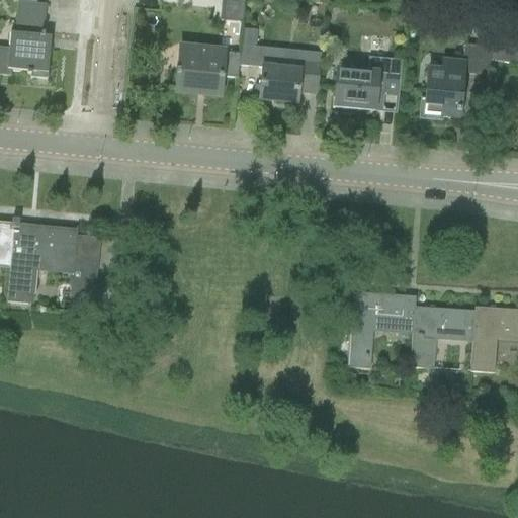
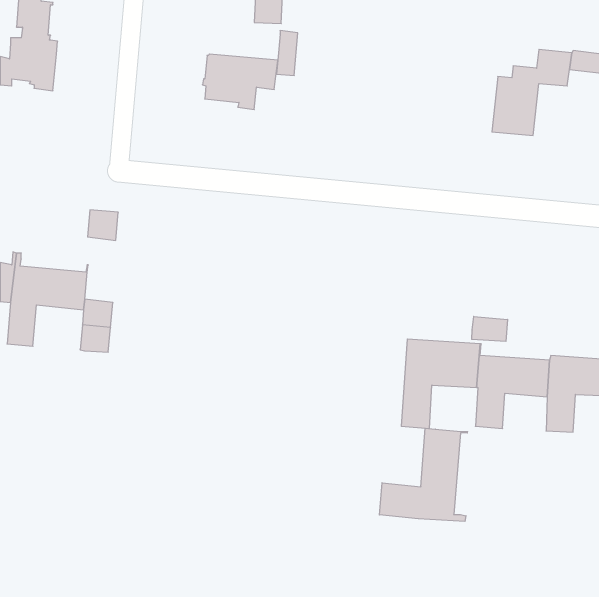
building: [260,48,323,101] -> none
building: [334,56,403,108] -> none
building: [75,234,101,260] -> [88,210,118,240]
building: none -> [472,316,508,341]
building: none -> [379,428,468,521]

